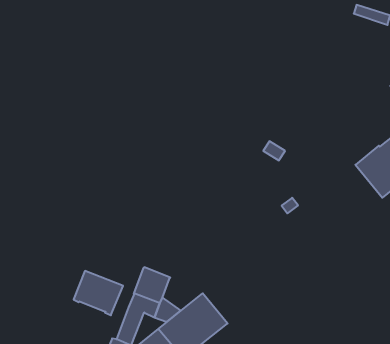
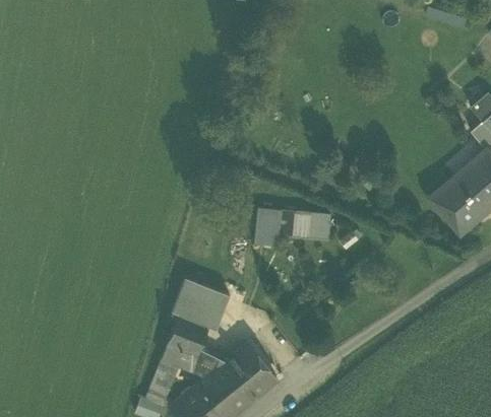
building: none -> [254,207,330,245]
building: [74,271,123,315] -> [173,279,231,331]

